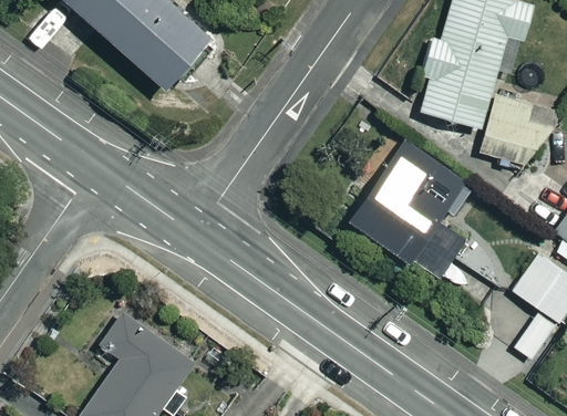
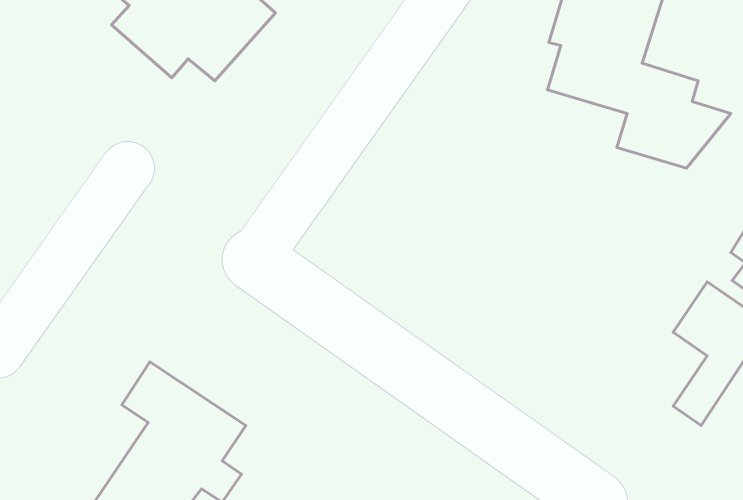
building: [346,136,471,279] -> none

